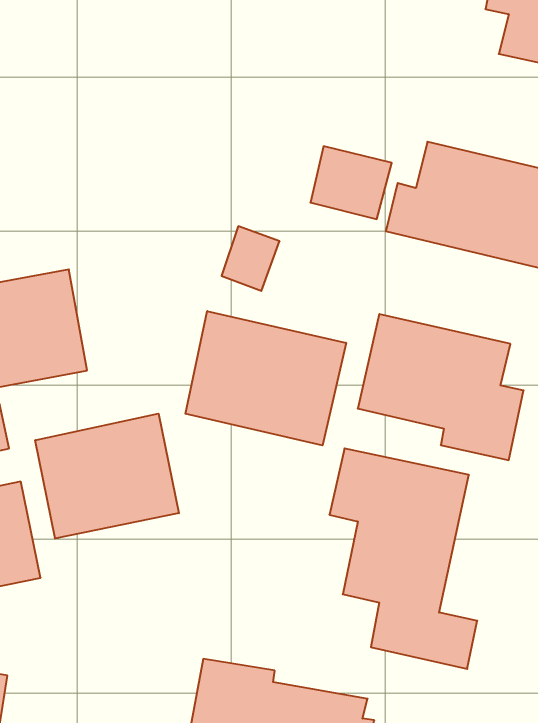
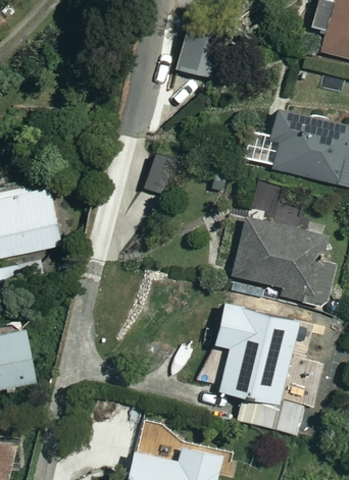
building: [310,146,392,219] -> [174,38,225,83]
building: [185,311,346,445] -> none
building: [35,414,179,539] -> none

